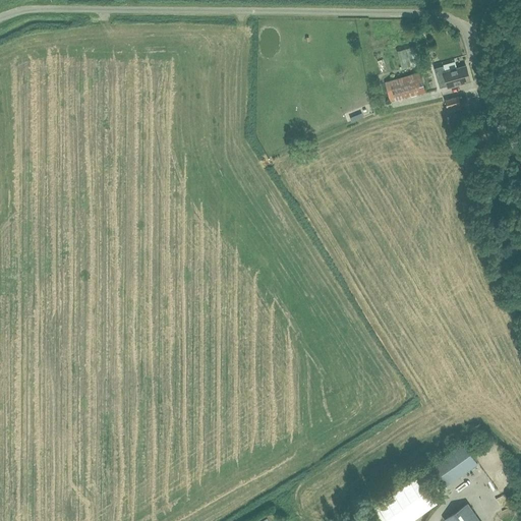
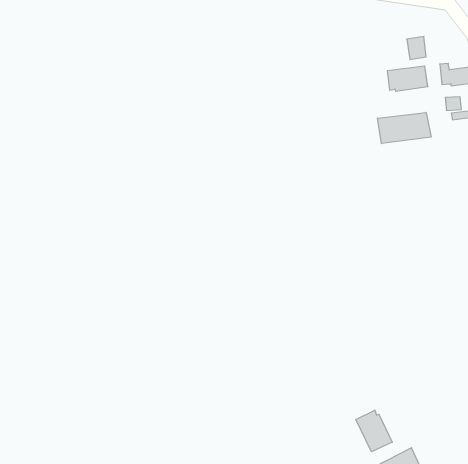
building: none -> [377,112,431,144]
building: none -> [356,410,392,452]

